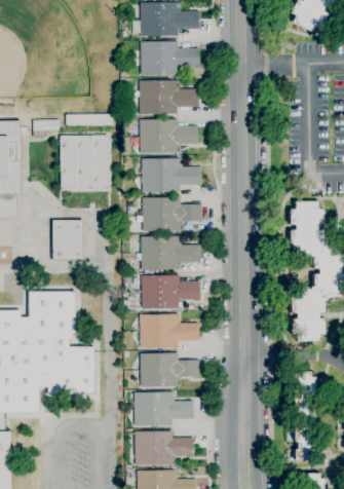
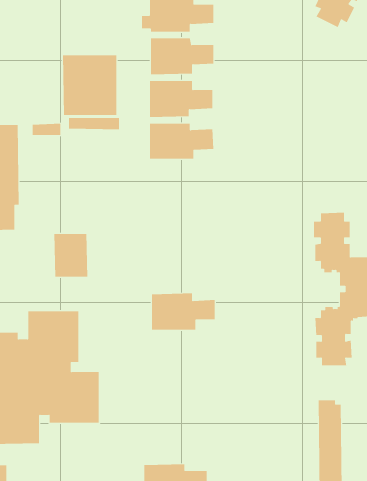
building: [59,137,109,192] -> [62,55,117,115]
building: [142,157,201,191] -> none
building: [138,196,202,231] -> none
building: [137,235,201,270] -> none
building: [140,313,199,347] -> none
building: [140,352,200,386] -> none
building: [133,391,194,425] -> none

